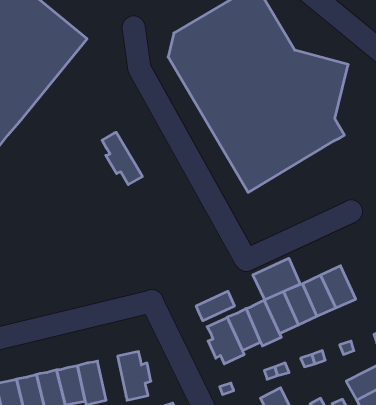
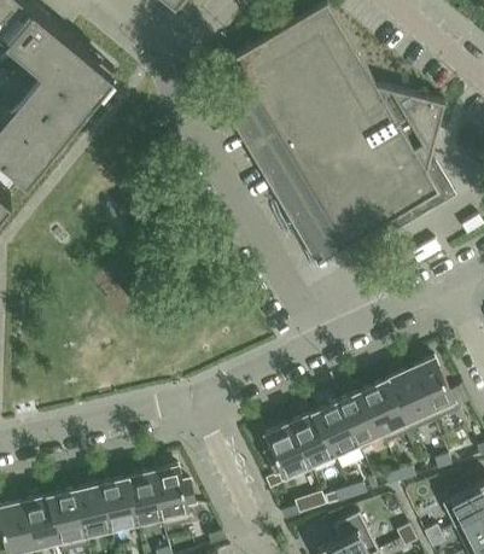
building: [102,132,142,185] -> none
building: [253,258,300,300] -> none
building: [196,291,234,321] -> none
building: none -> [127,474,163,530]

